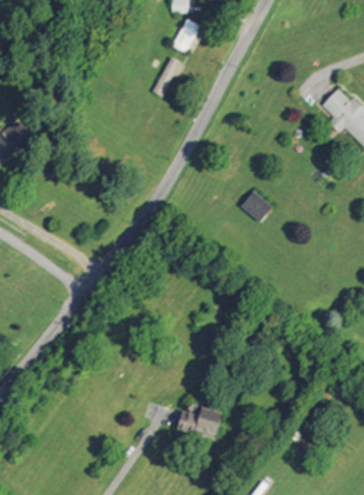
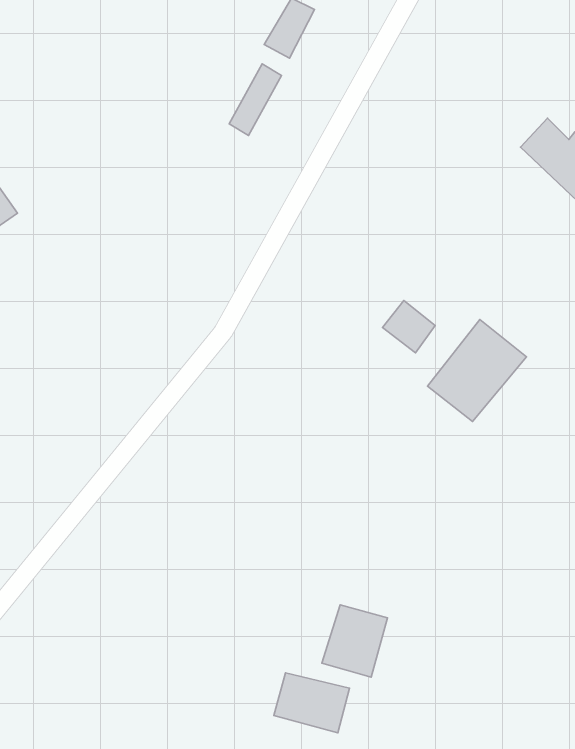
building: none -> [427,319,527,422]
building: none -> [322,605,387,677]

